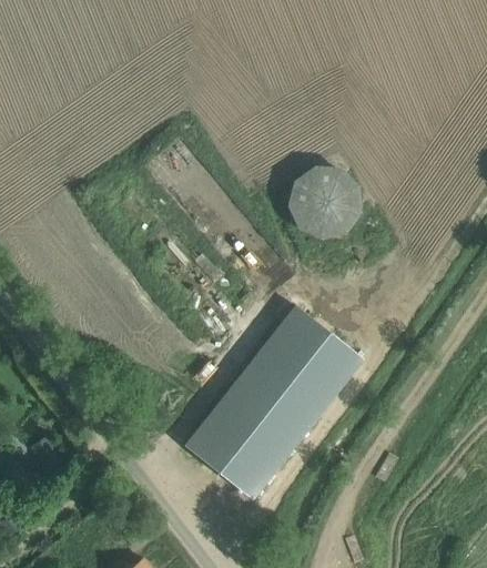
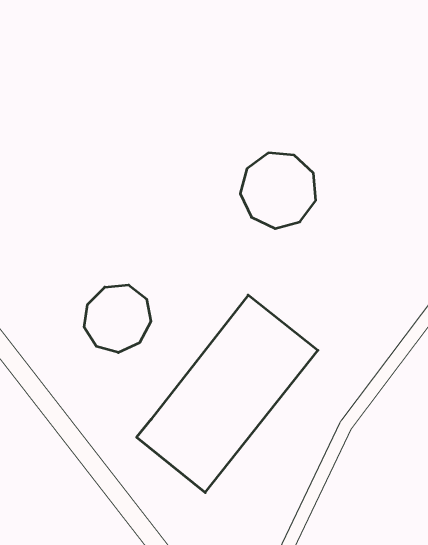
building: none -> [84,285,151,353]

